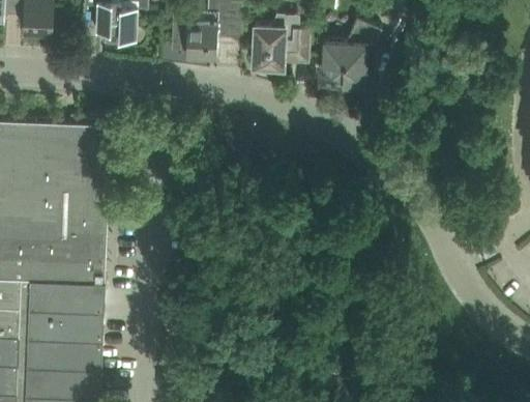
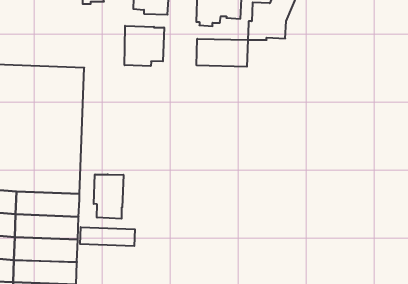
building: none -> [125,26,164,66]
building: none -> [197,39,248,67]
building: none -> [94,174,123,219]
building: none -> [80,227,135,246]

